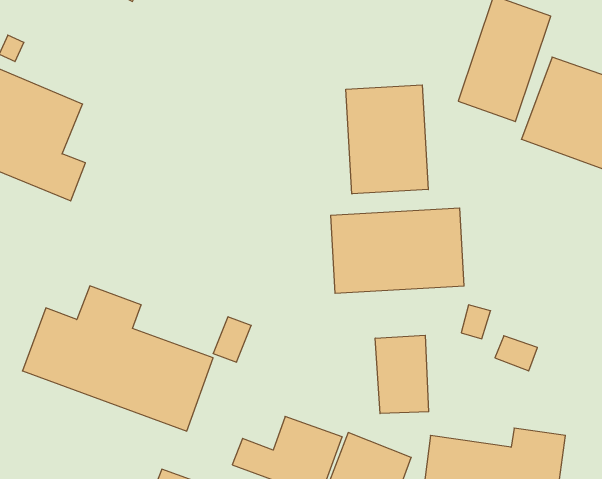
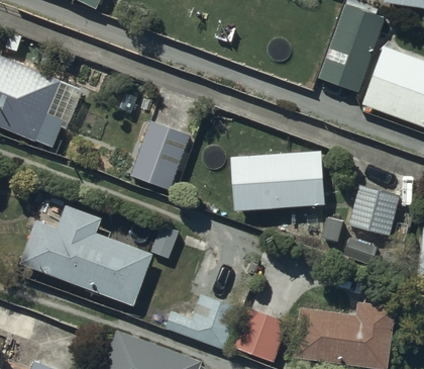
building: [346,85,428,194] -> none
building: none -> [131,121,189,189]
building: none -> [349,185,401,236]
building: [375,335,429,414] -> none

